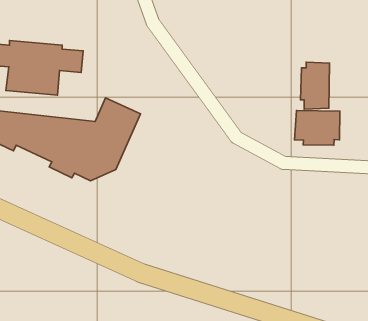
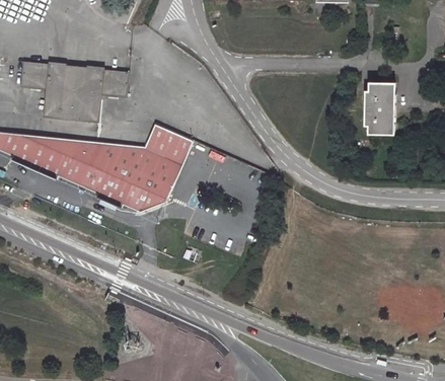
building: [294,110,340,145] -> none

